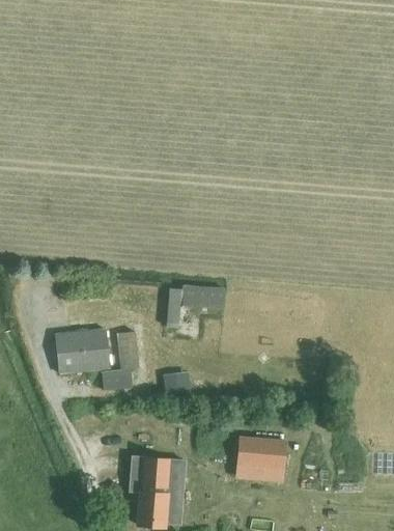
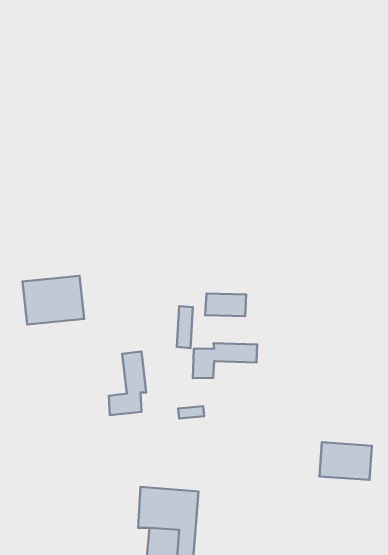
building: none -> [193,343,257,378]
building: [54,330,110,374] -> [23,276,84,325]
building: [237,441,285,475] -> [319,442,372,480]

